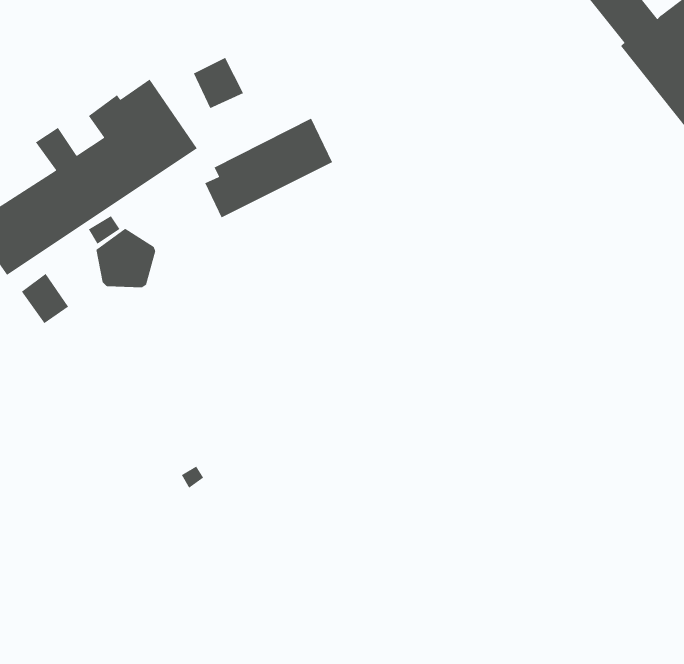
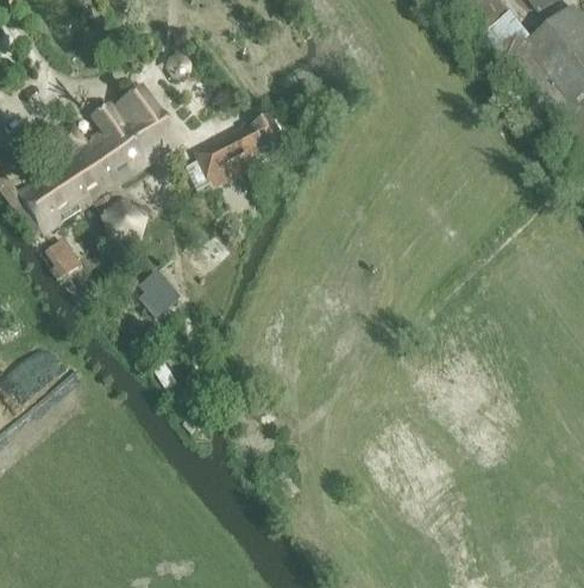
building: [193,57,244,109] -> none
building: none -> [144,267,183,307]

